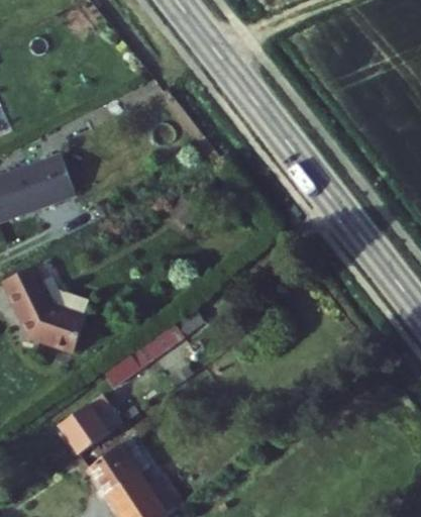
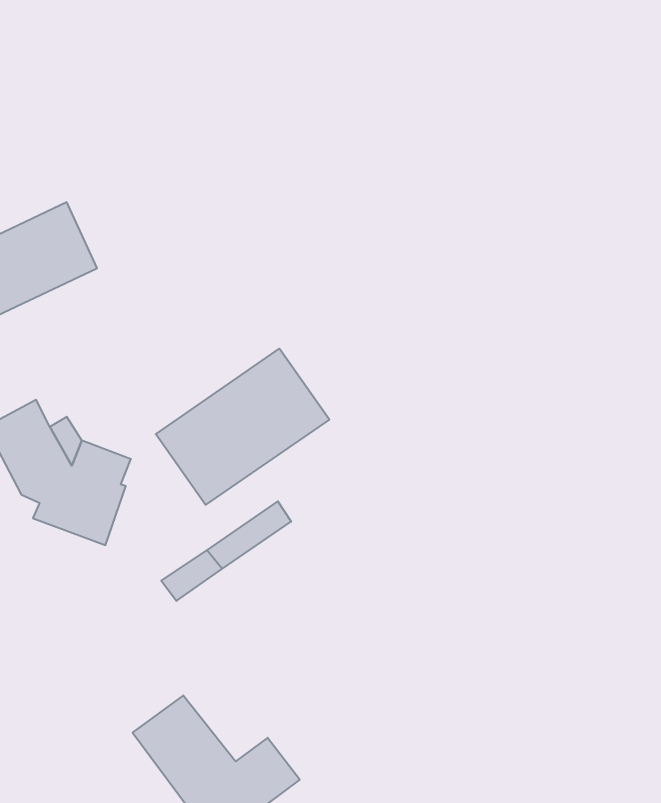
building: none -> [156,349,329,505]
building: [59,395,123,454] -> none

